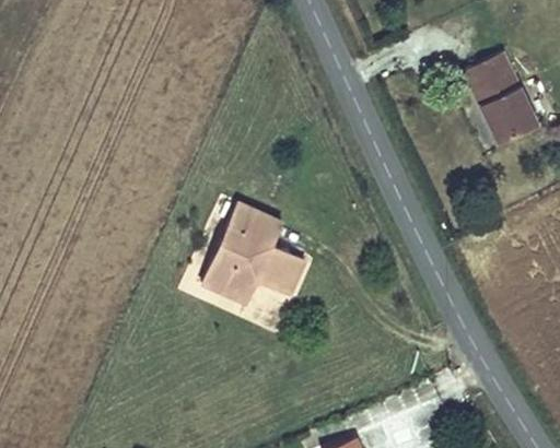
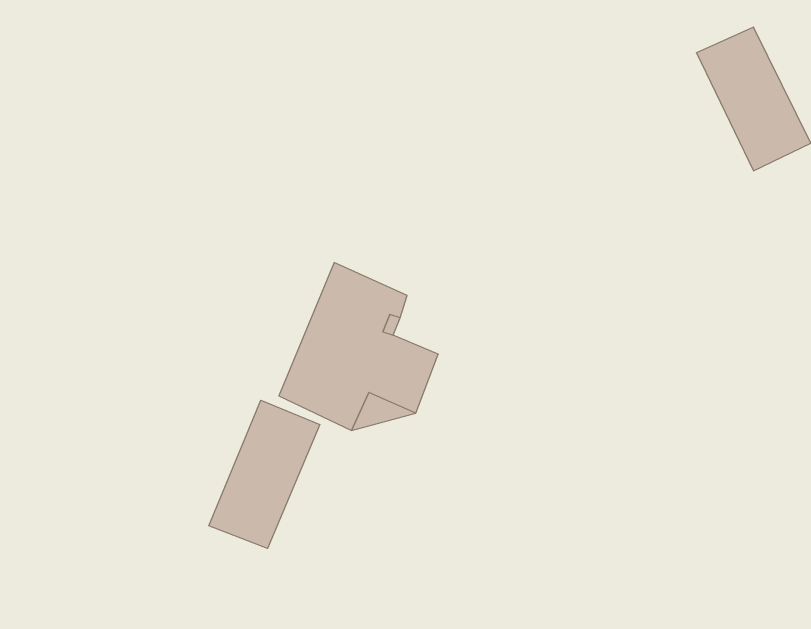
building: none -> [209,400,320,548]

